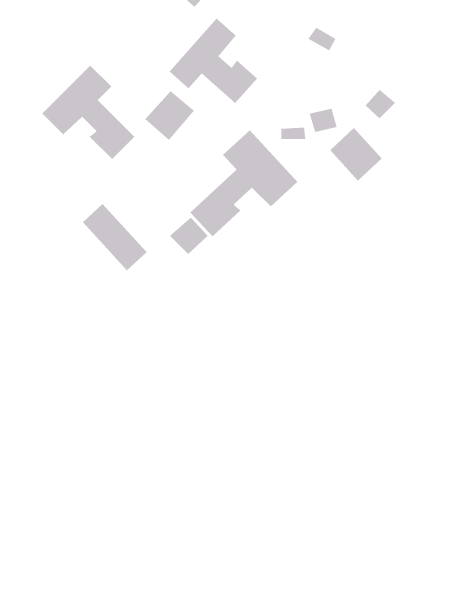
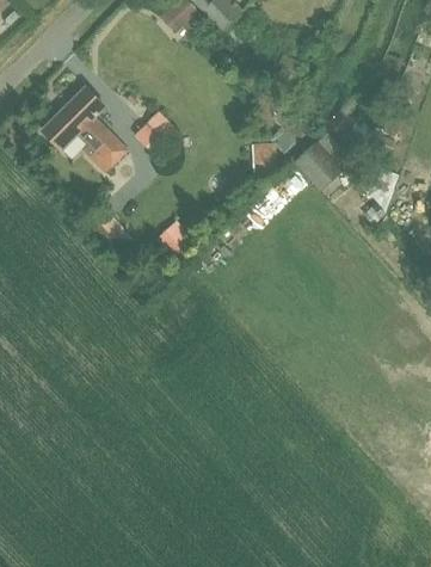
building: [169,18,258,104] -> none
building: [189,129,298,237] -> none

